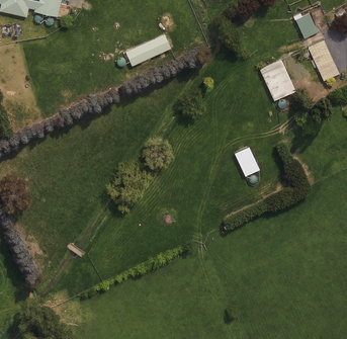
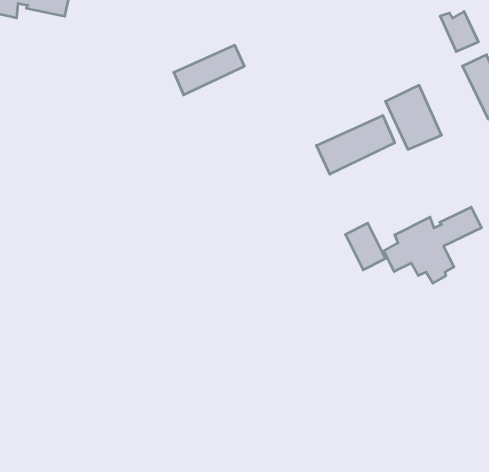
building: none -> [316,115,395,174]
building: none -> [384,207,481,283]

